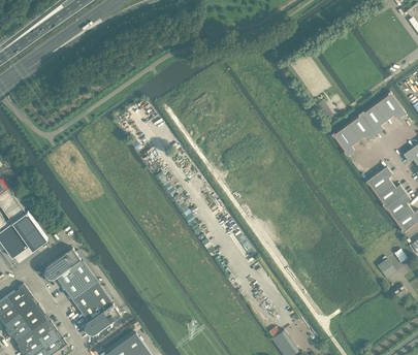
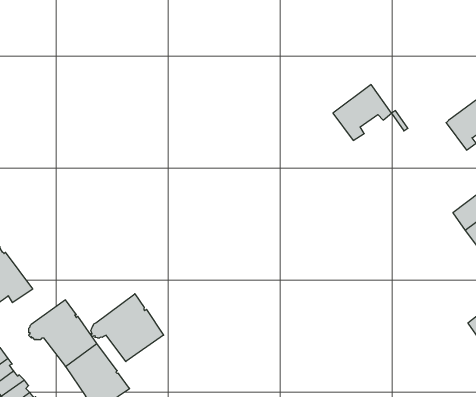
building: [331,114,376,156] -> [333,85,392,140]
building: none -> [91,294,164,362]

